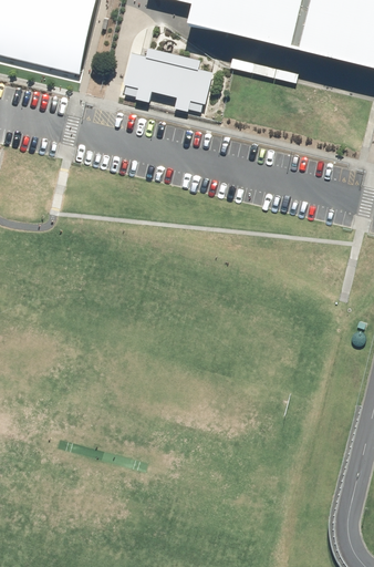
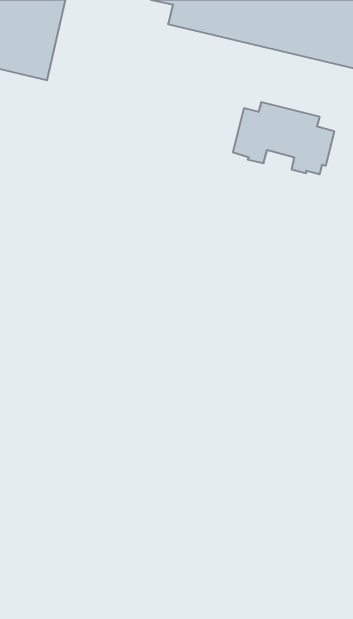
building: [124,47,216,112] -> [233,102,334,174]

